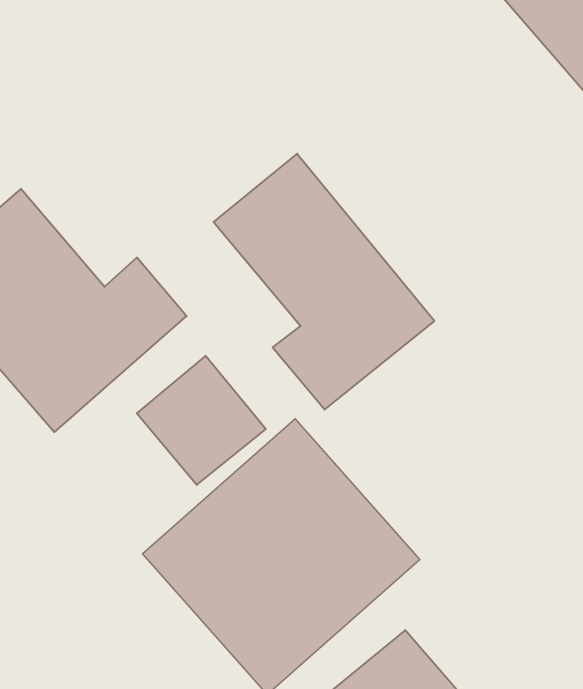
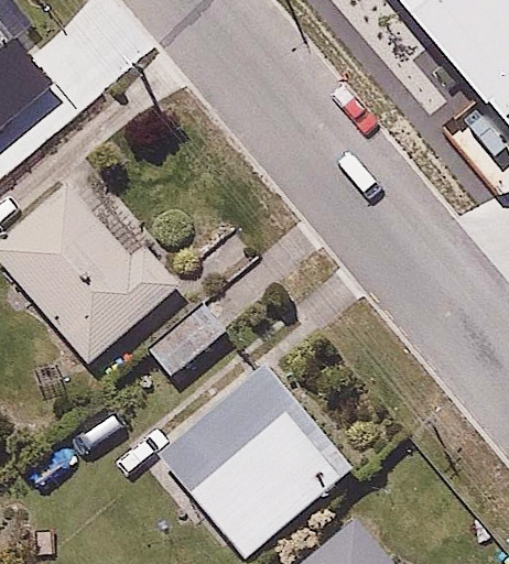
building: [214,154,434,410] -> none

